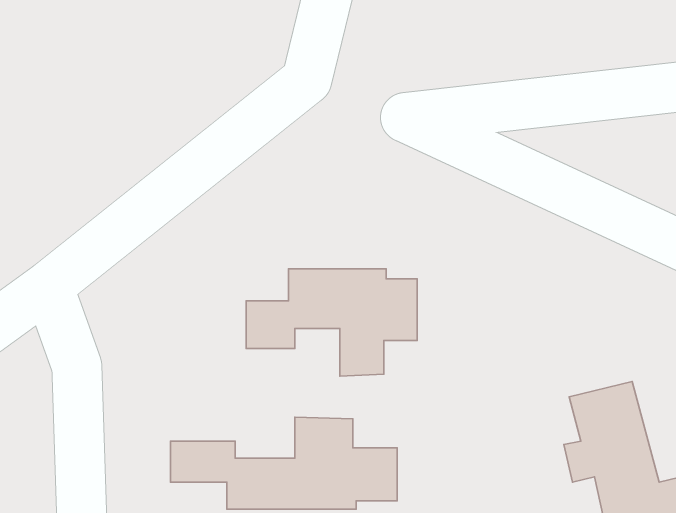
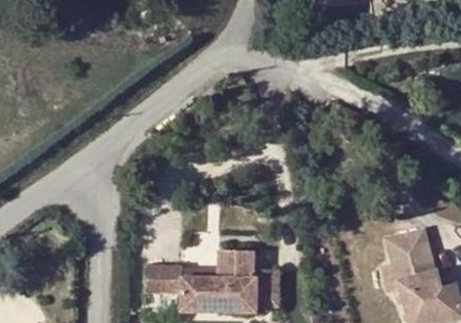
building: [246,269,417,376] -> none

